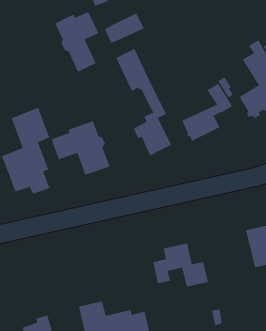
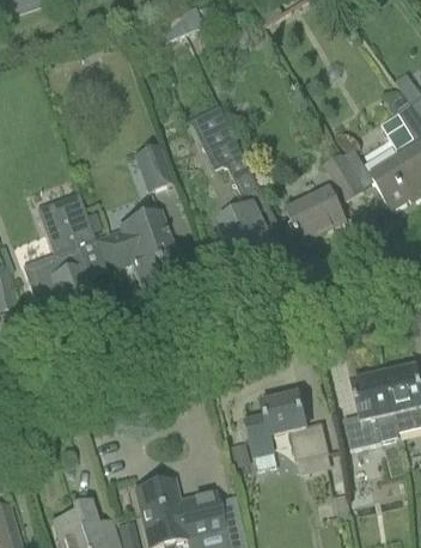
building: [54,11,99,73] -> none
building: [104,13,145,44] -> none
building: none -> [135,144,170,188]
building: none -> [342,373,398,447]

